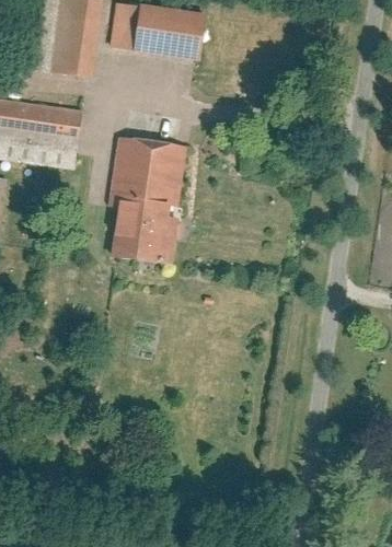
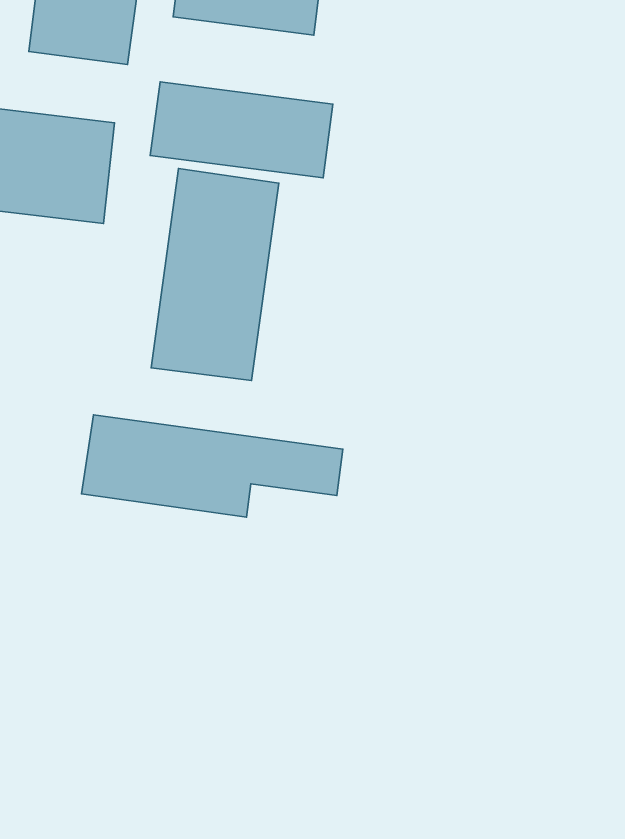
building: none -> [150,82,333,178]
building: none -> [81,415,343,517]

